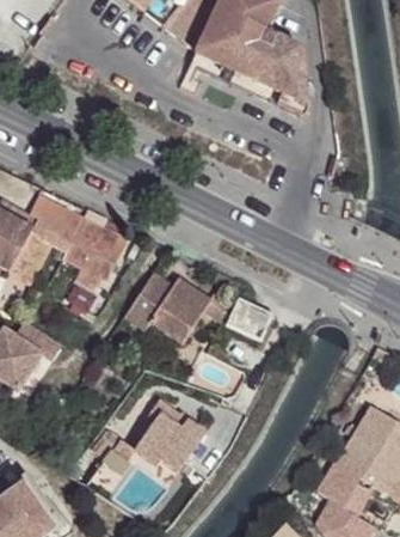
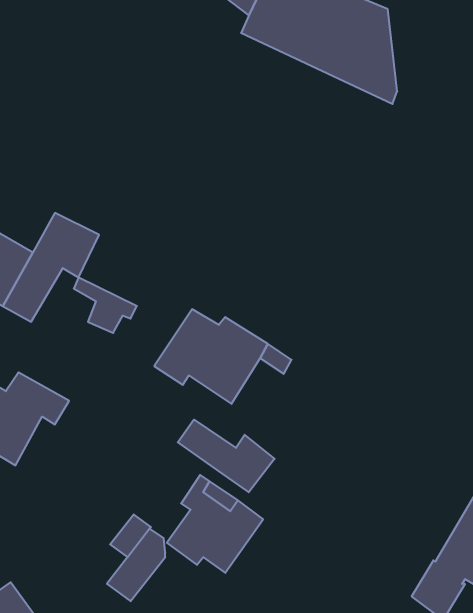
building: [67,215,127,269] -> none
building: [226,297,273,340] -> none
building: none -> [178,420,275,492]

